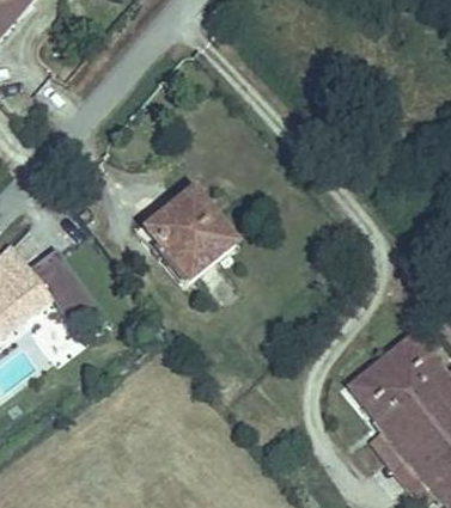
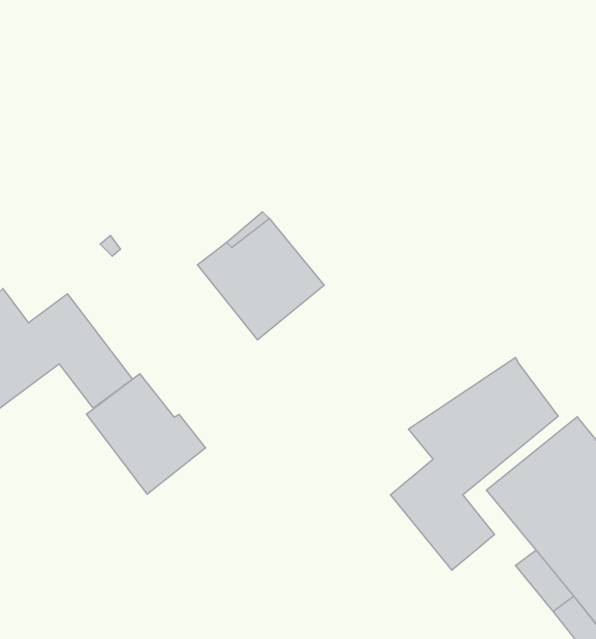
building: none -> [390,357,558,570]
building: none -> [87,374,206,494]

